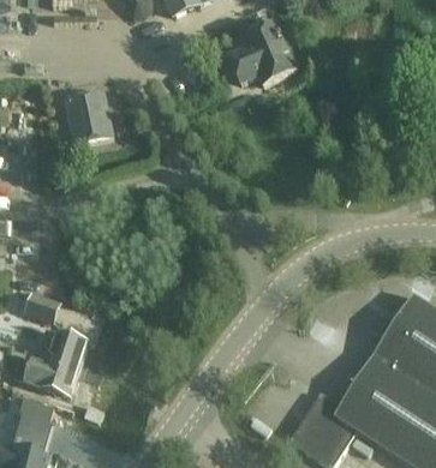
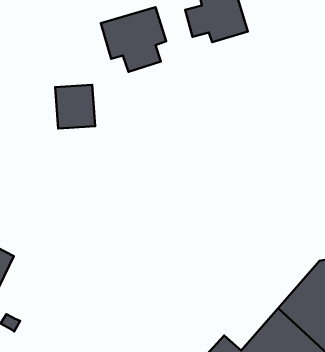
building: none -> [101,7,166,72]
building: [66,90,114,142] -> [55,85,95,129]

